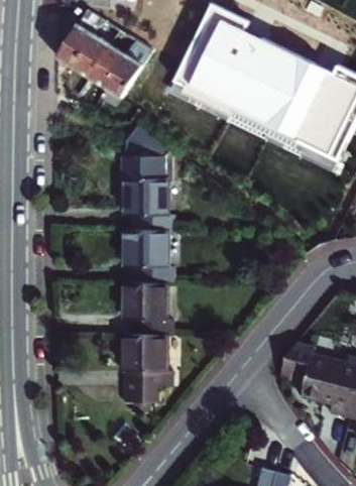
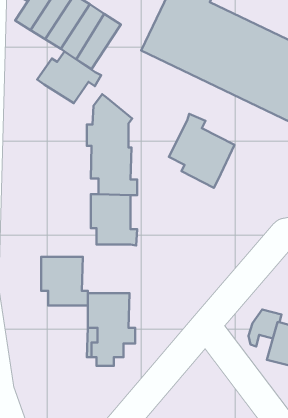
building: none -> [37,52,101,103]
building: none -> [169,114,234,188]
building: [122,281,170,332] -> [41,257,88,305]

